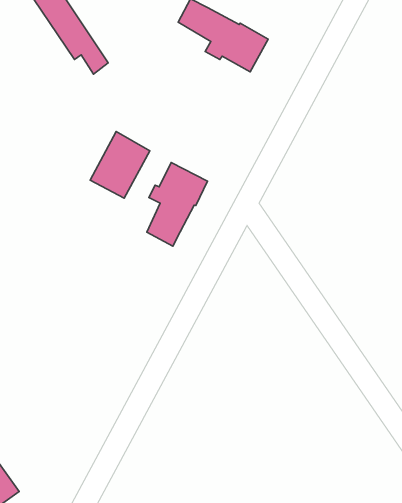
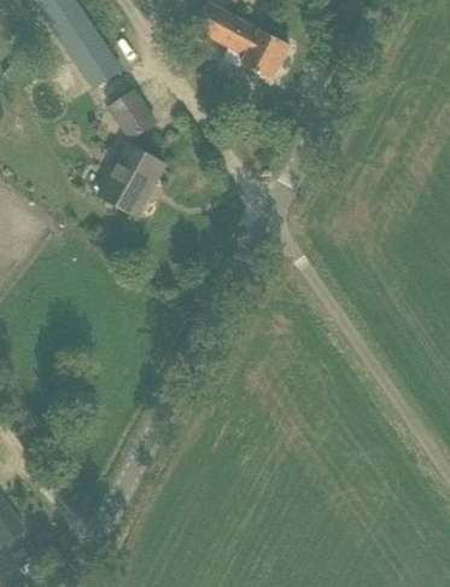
building: none -> [110,91,156,139]
building: [147,162,208,246] -> none

